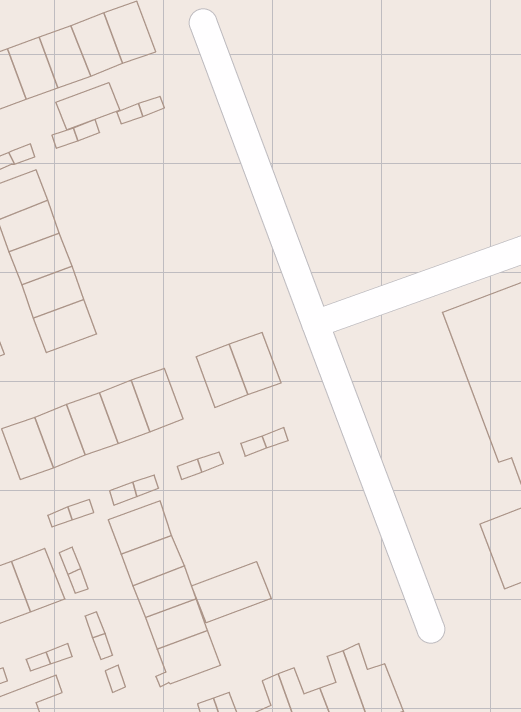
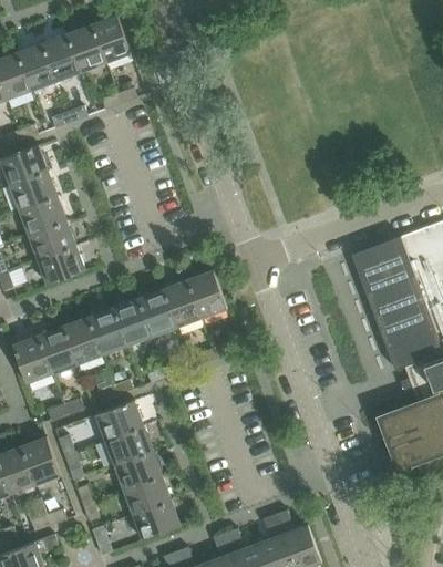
building: [56,83,120,130] -> none
building: none -> [137,289,176,337]
building: [191,562,271,623] -> none

